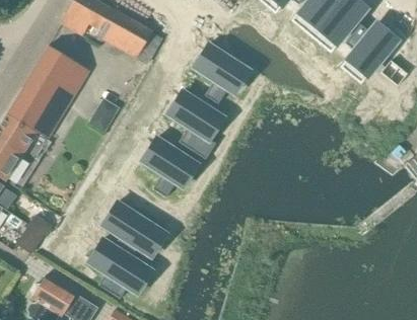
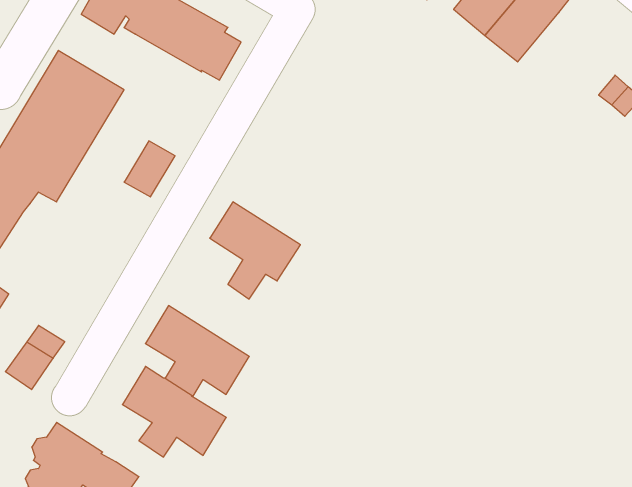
building: [341,22,398,83] -> none
building: [194,44,250,102] -> none
building: [167,90,224,159] -> none

